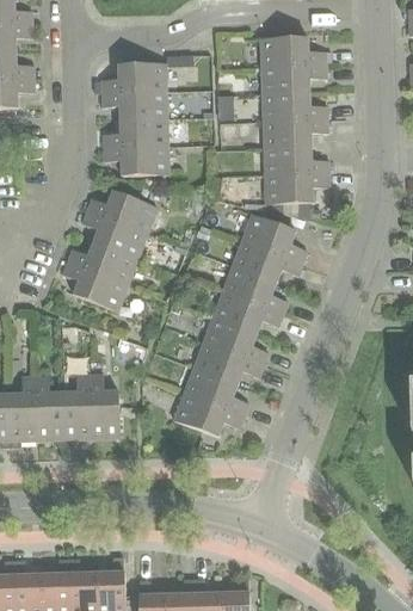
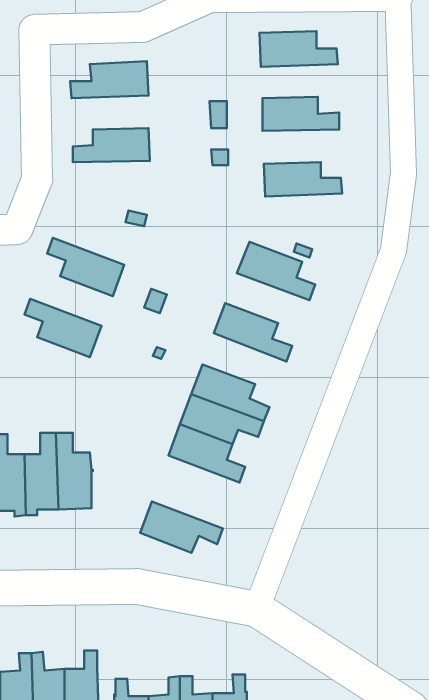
building: [260,66,325,94] -> none
building: [101,92,166,121] -> none
building: [261,121,327,149] -> none
building: [103,147,168,175] -> none
building: [264,174,328,204] -> none
building: [86,191,156,234] -> none
building: [230,241,301,283] -> none
building: [67,243,136,285] -> none
building: [211,291,282,334] -> none
building: [173,394,242,437] -> [140,502,223,553]

